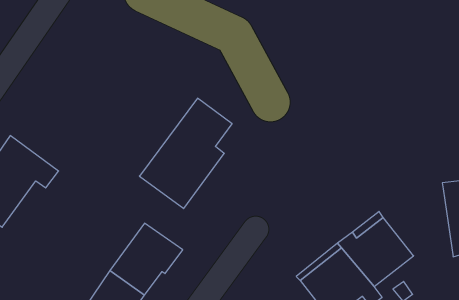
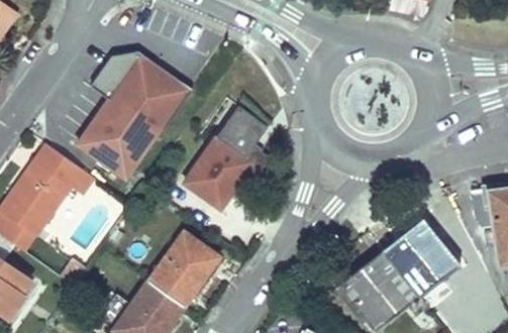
building: none -> [76,56,190,189]

